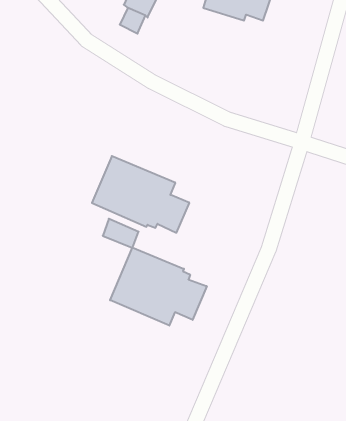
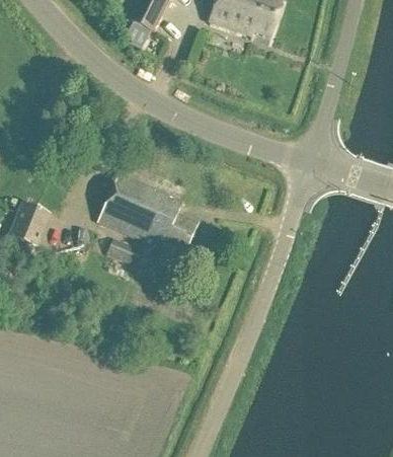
building: none -> [8,201,52,247]
building: [110,248,207,326] -> none

